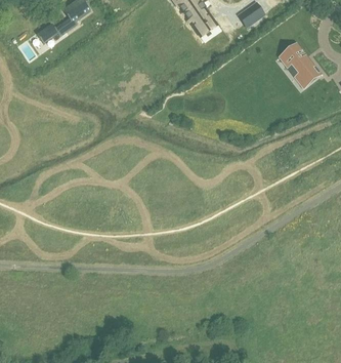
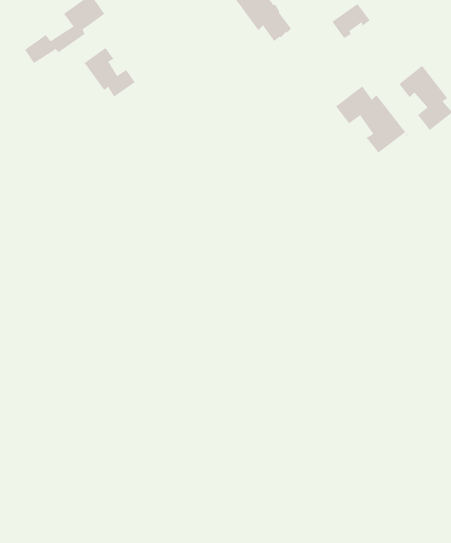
building: none -> [82,47,136,97]
building: none -> [335,86,409,154]

